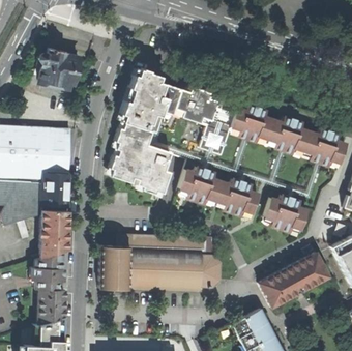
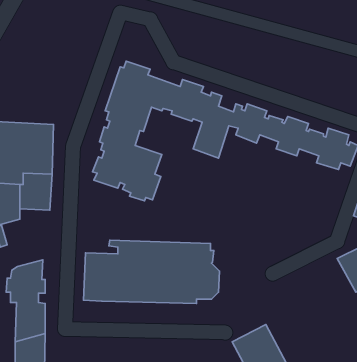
building: [38,51,77,93] -> none
building: [179,170,259,218] -> none
building: [264,198,307,235] -> none
building: [41,209,70,256] -> none
building: [261,250,334,305] -> none

